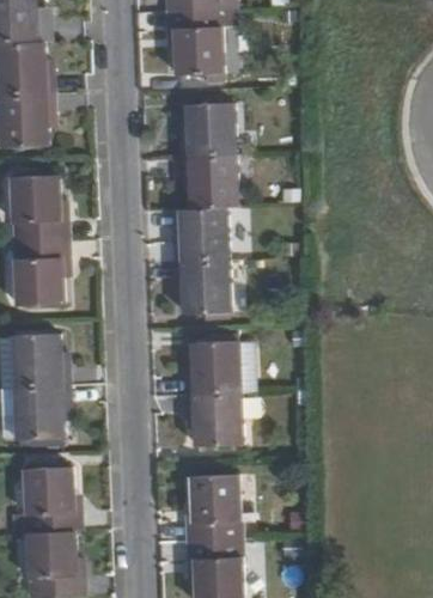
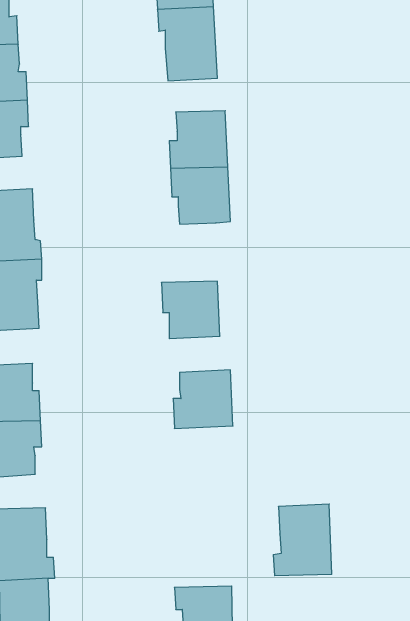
building: [177,206,228,261] -> none
building: [189,392,244,446] -> none
building: [188,475,242,541] -> [273,504,332,576]

